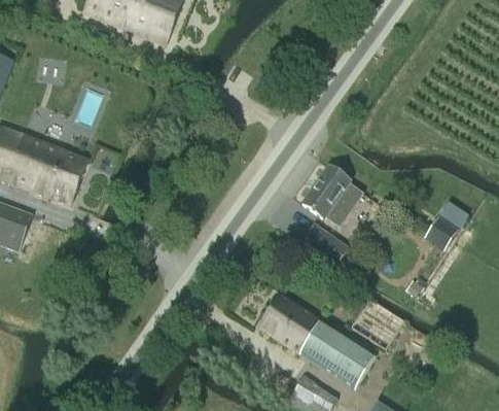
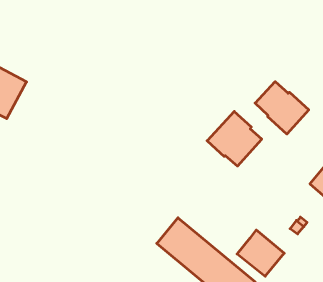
building: none -> [255,82,309,134]
building: [302,224,348,264] -> none

